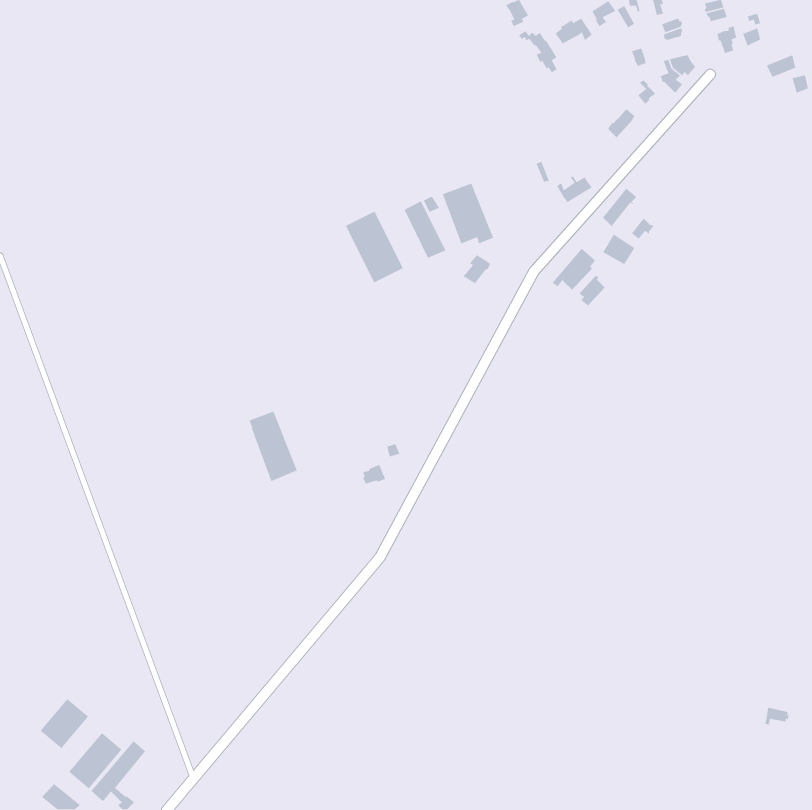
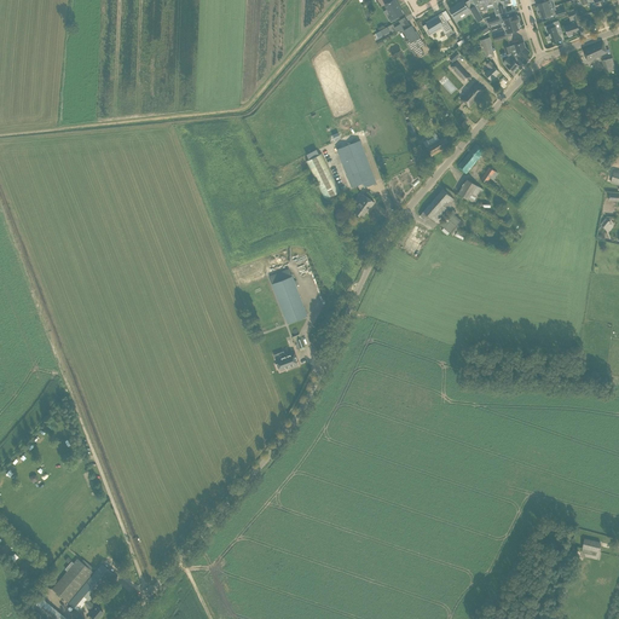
building: [345,210,404,284] -> none
building: [248,411,298,482] -> [270,268,307,323]
building: [39,698,89,749] -> none

